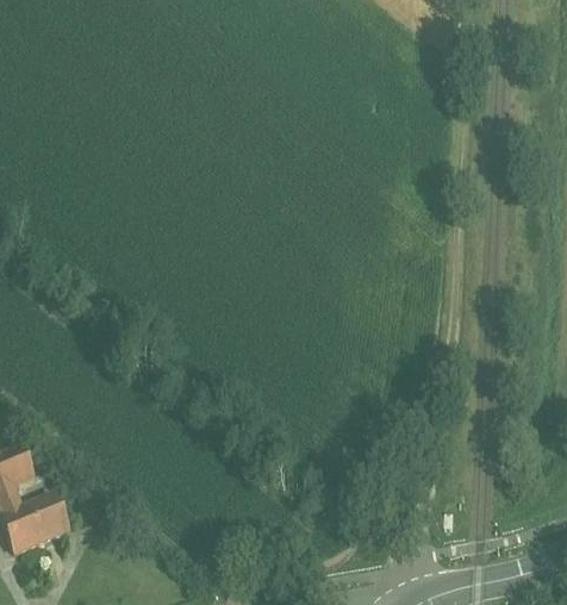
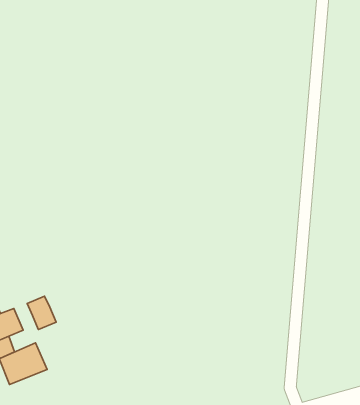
building: none -> [27,296,56,330]

